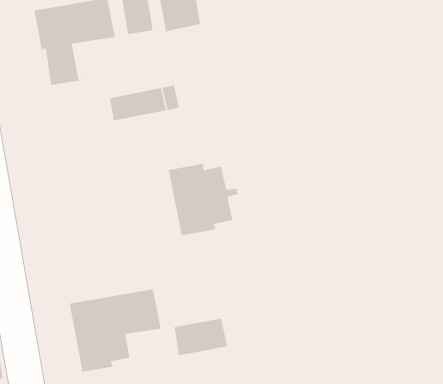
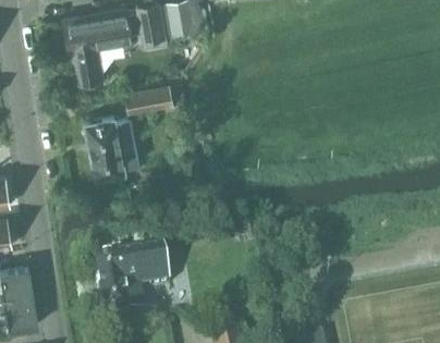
building: [168,163,238,236] -> [86,114,145,175]
building: [174,318,228,356] -> none

